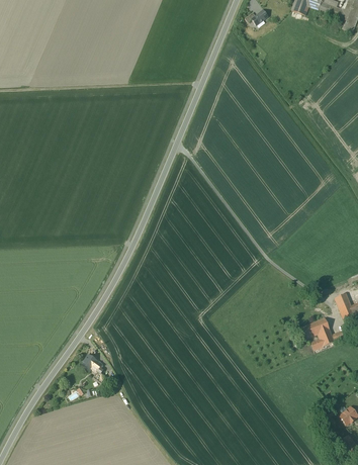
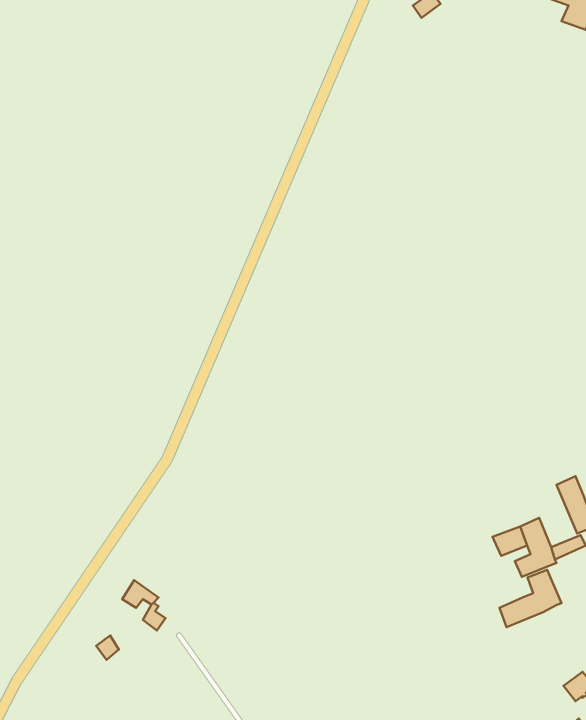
building: none -> [500,570,562,627]

